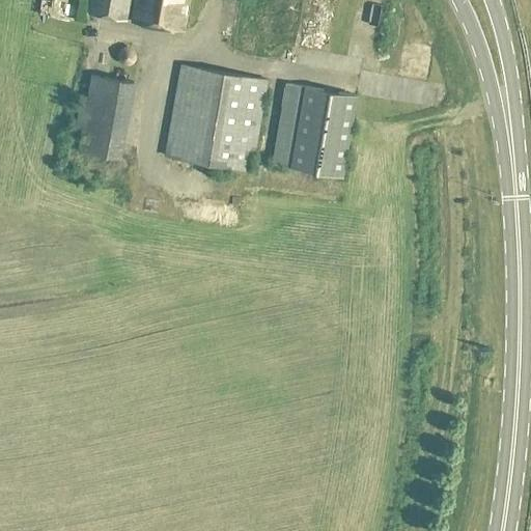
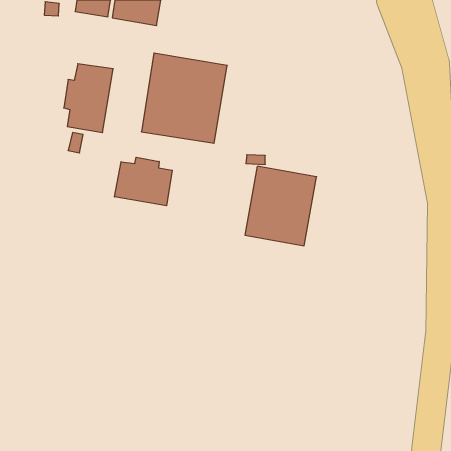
building: [272,83,356,176] -> [245,166,317,246]
building: none -> [115,157,172,206]

